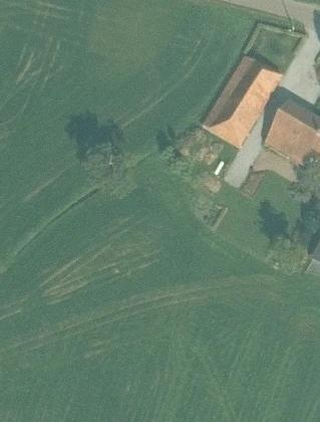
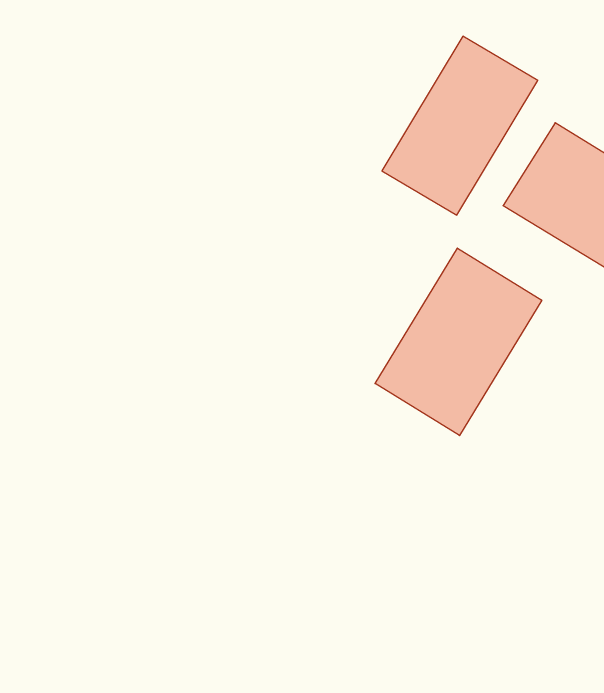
building: none -> [375,248,542,436]

